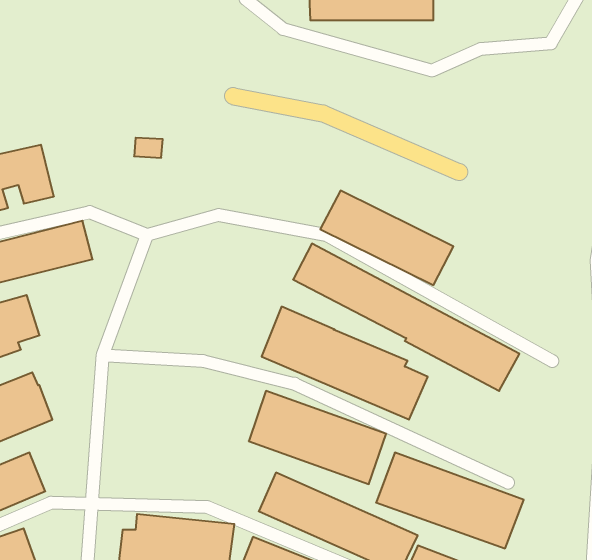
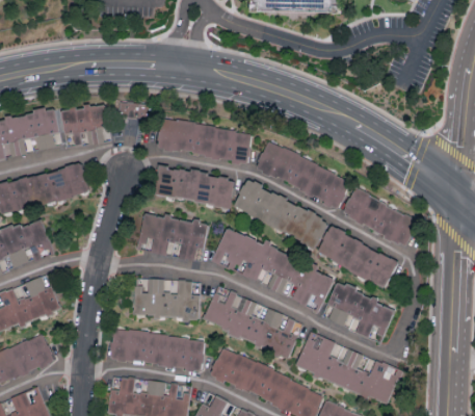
building: none -> [60,104,105,134]
building: none -> [155,116,250,166]
building: none -> [153,165,236,207]
building: none -> [342,187,417,245]
building: none -> [137,211,205,260]
building: none -> [133,278,199,317]
building: none -> [316,280,394,340]
building: none -> [109,326,205,371]

